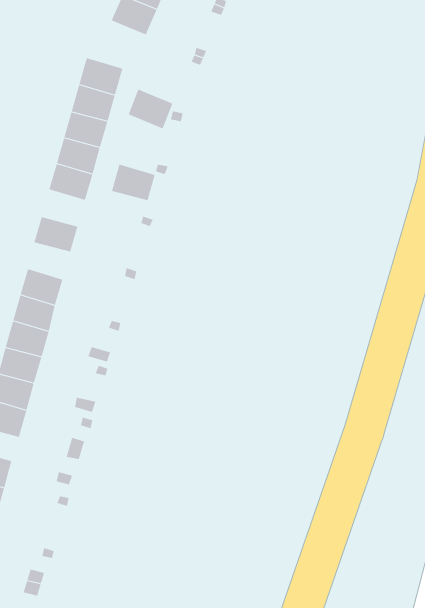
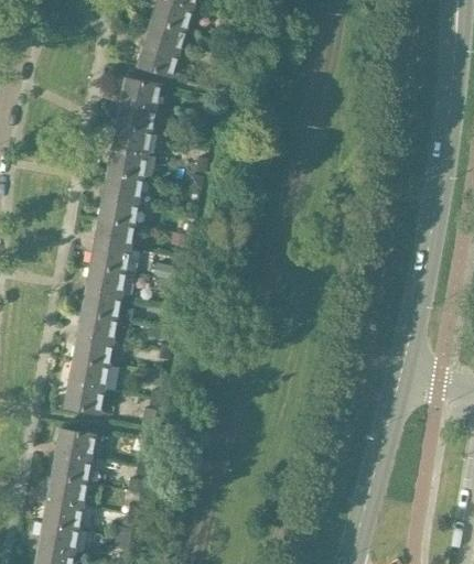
building: [128,89,173,129] -> [140,43,179,76]
building: [111,164,156,201] -> [101,195,139,225]
building: none -> [94,242,130,272]

